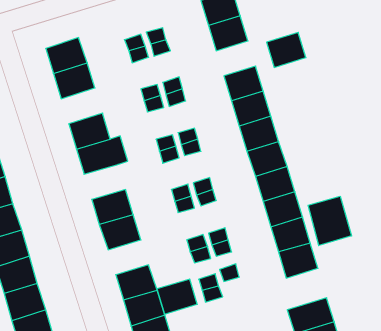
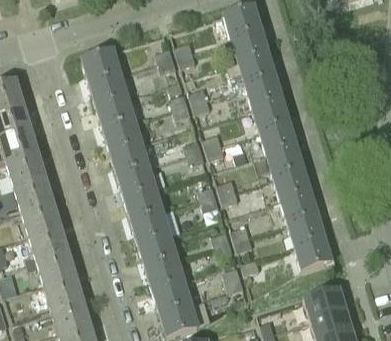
building: [267,32,306,67] -> [238,52,274,84]
building: none -> [96,95,134,128]
building: none -> [117,165,155,197]
building: [308,196,352,246] -> none
building: [157,279,197,314] -> [139,234,176,266]

